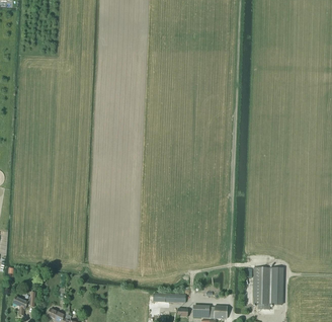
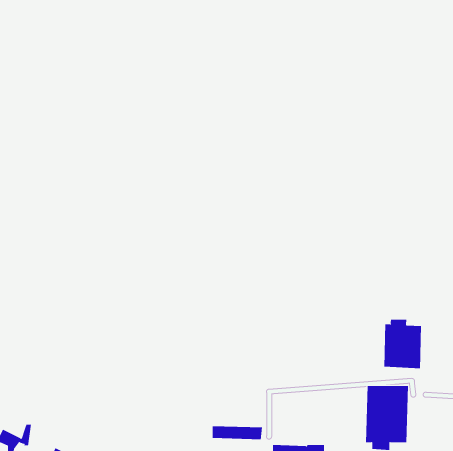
building: none -> [384,319,422,369]

